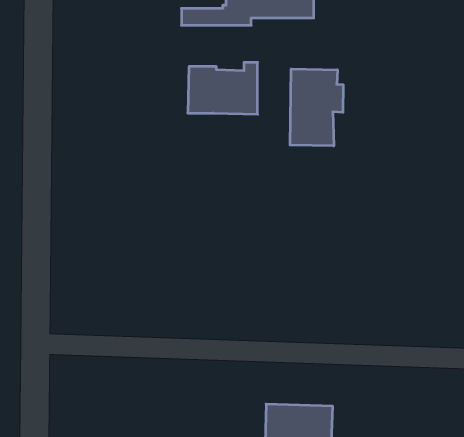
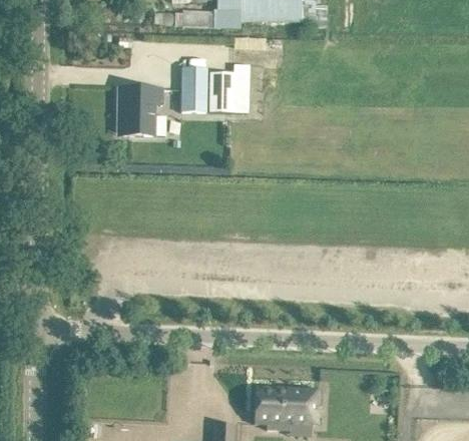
building: [290,69,343,146] -> none
building: none -> [117,88,165,134]

